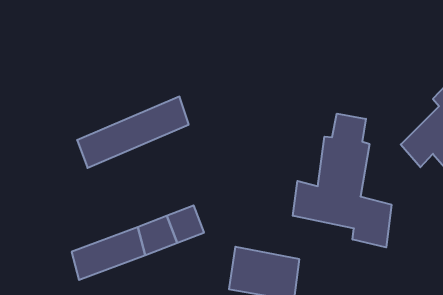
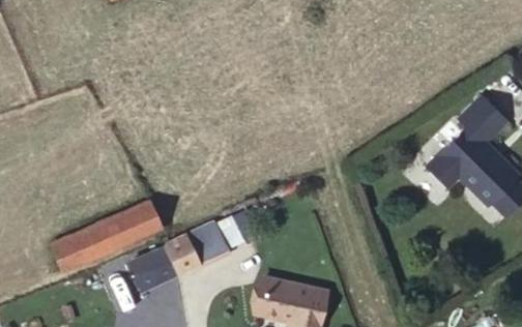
building: [77,97,189,168] -> [50,197,162,268]
building: [293,114,391,247] -> none

